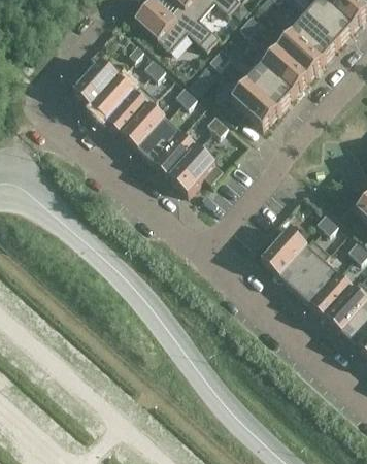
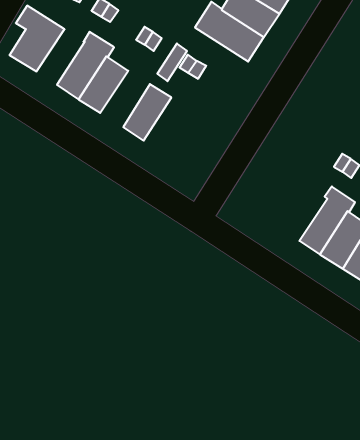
building: [92,77,134,121] -> none
building: [137,119,180,163] -> none
building: [168,145,222,194] -> none
building: [261,222,307,276] -> none

